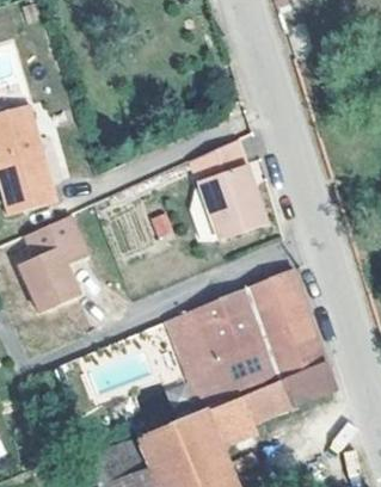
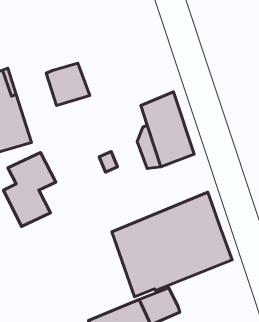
building: none -> [46,63,90,105]
building: [241,359,334,419] -> none

